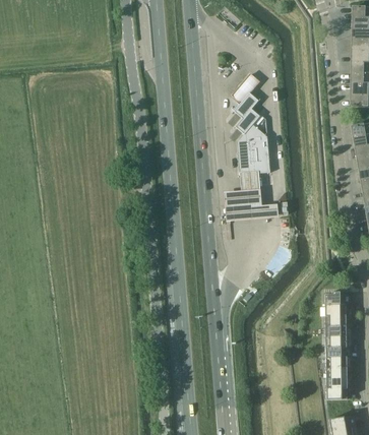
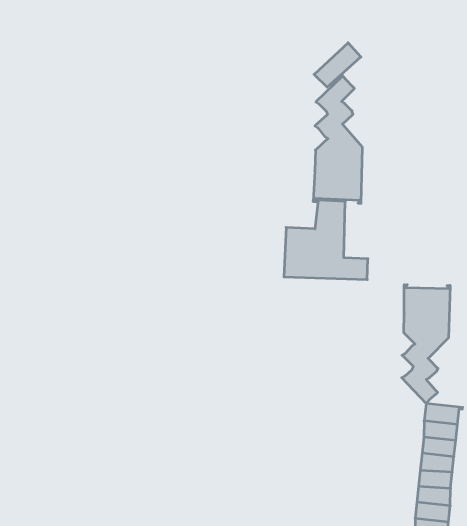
building: none -> [402,285,450,403]

